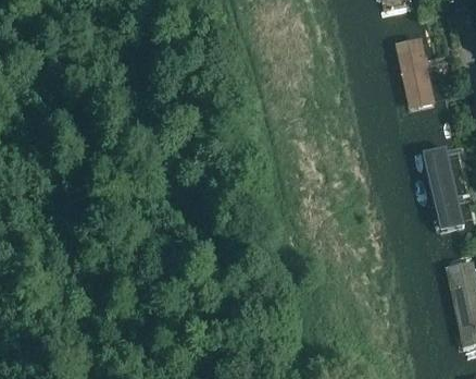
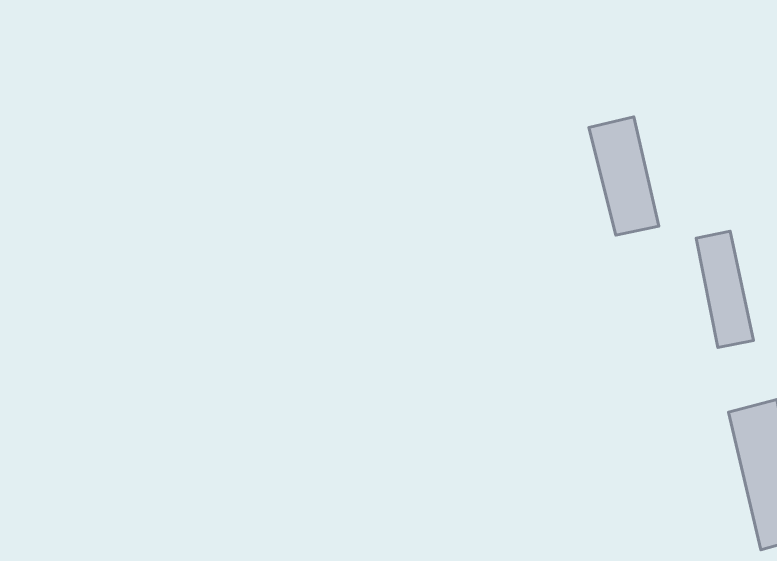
building: [393,37,436,109] -> [589,117,659,235]

